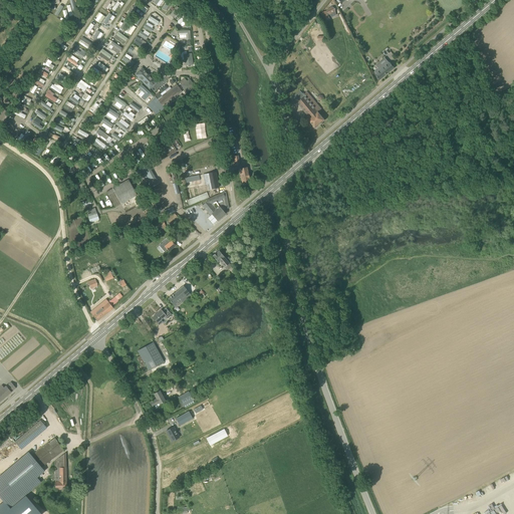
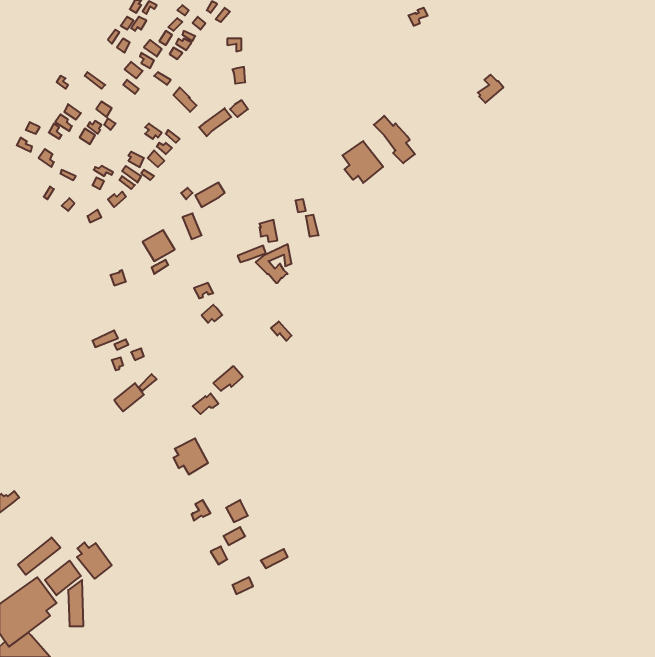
building: none -> [342,141,383,183]
building: none -> [77,542,112,579]

